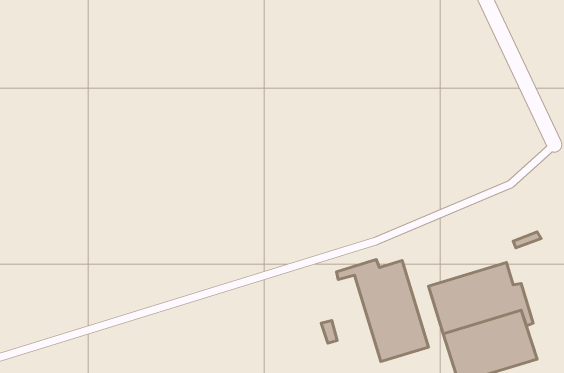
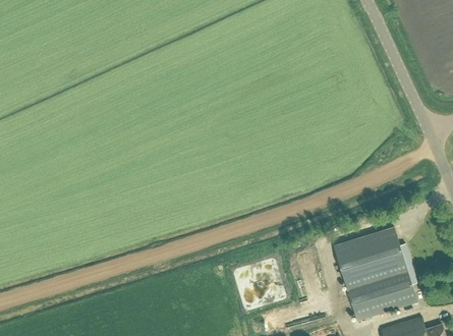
building: [336,260,428,362] -> none

